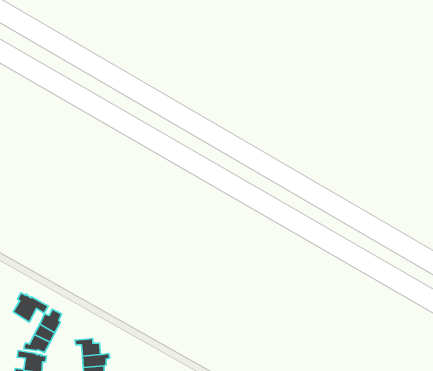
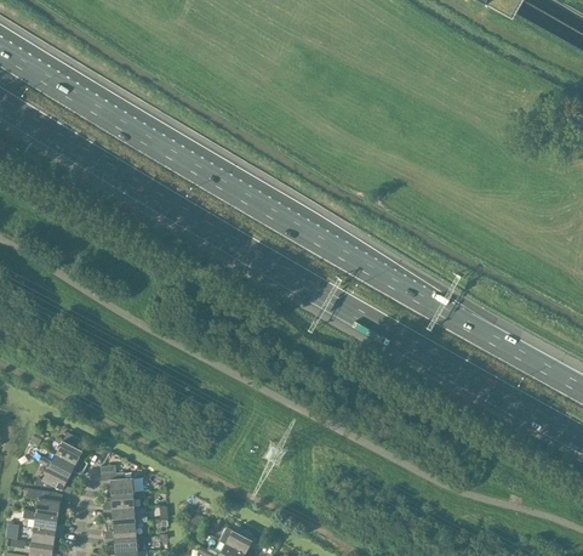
building: [13,293,48,322] -> none

